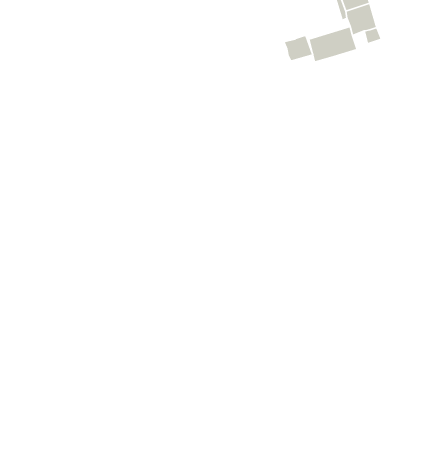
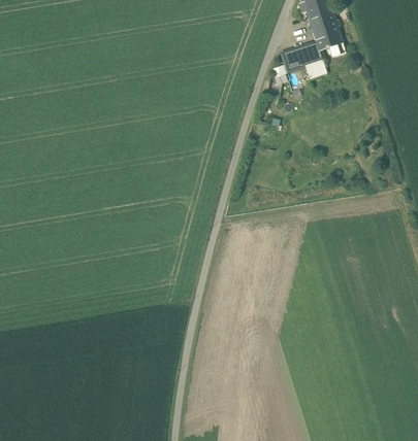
building: [284,35,313,61] -> none

